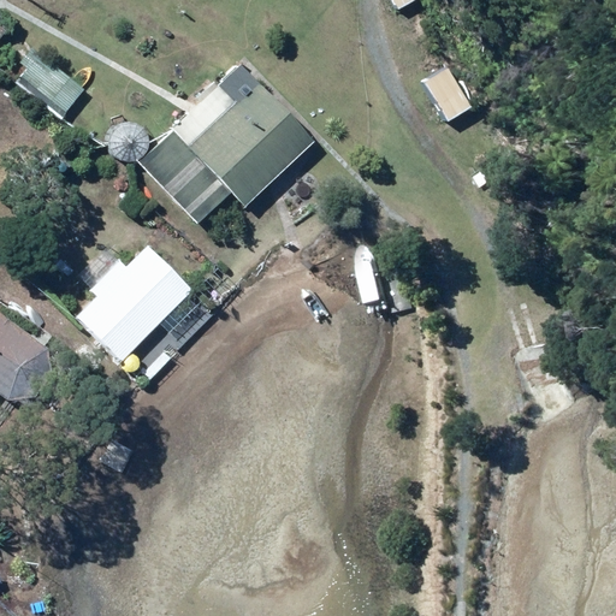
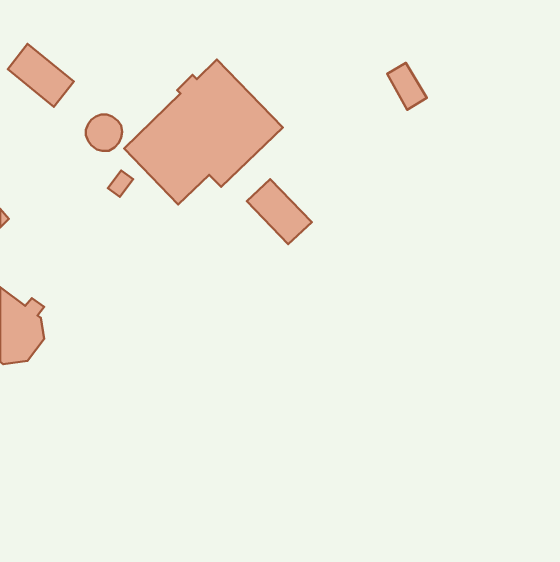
building: none -> [247,179,312,244]
building: [76,244,192,361] -> none

